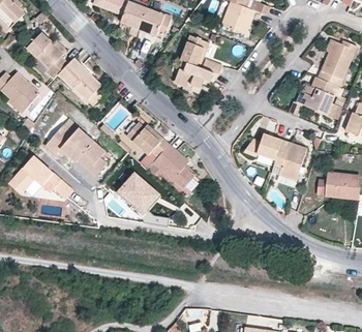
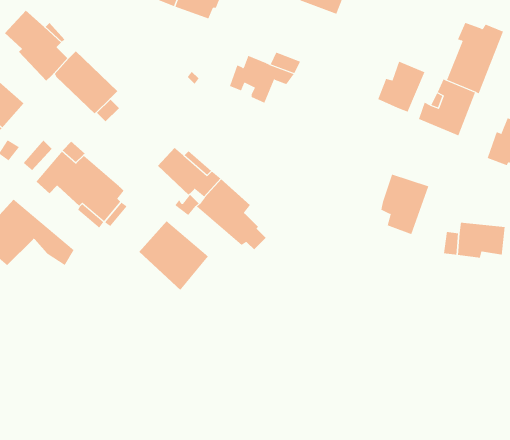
building: [181,35,209,66] -> none
building: none -> [378,61,425,113]
building: [245,133,282,158] -> none

